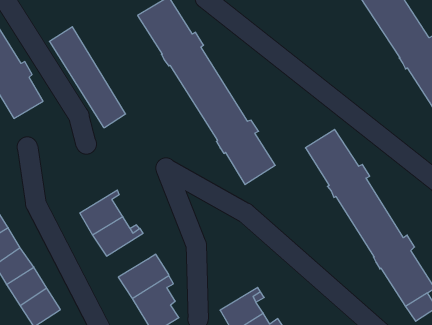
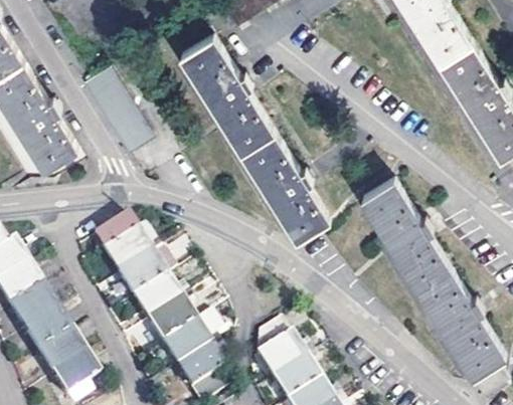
building: none -> [94,217,156,272]
building: none -> [144,294,190,343]
building: none -> [254,319,310,379]

